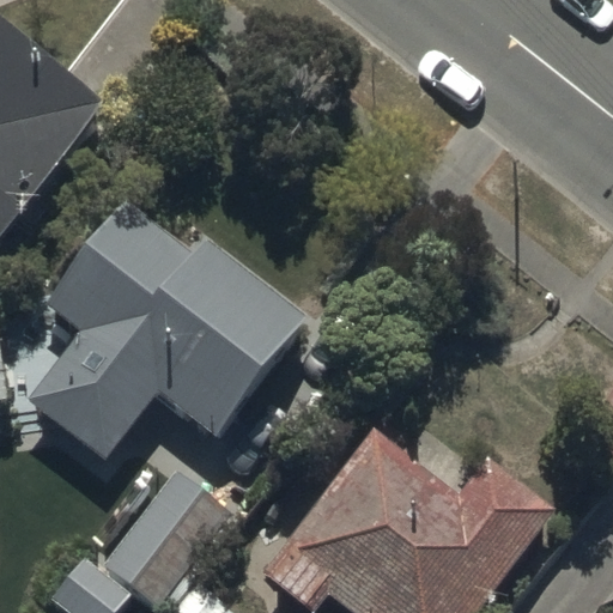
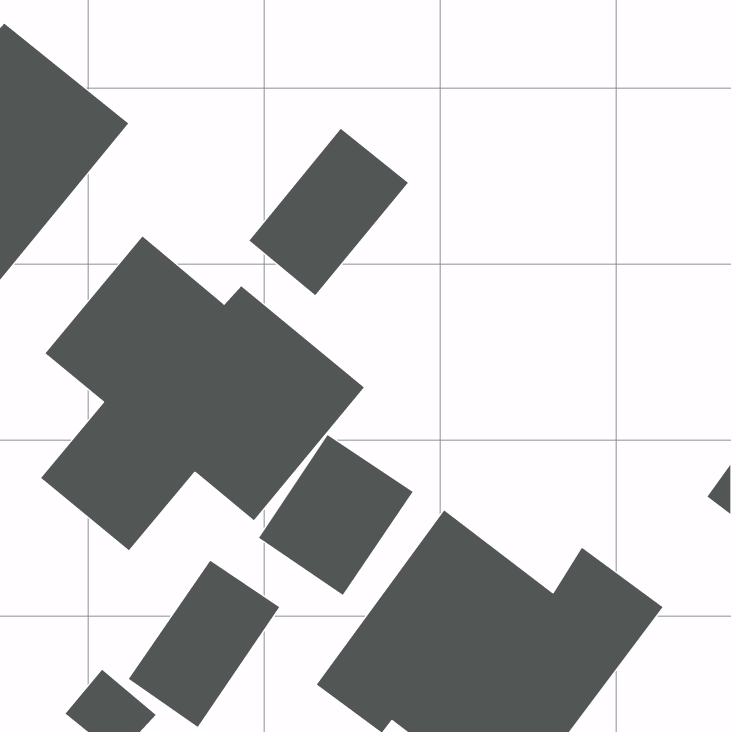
building: none -> [249,128,409,296]
building: none -> [258,434,414,596]

